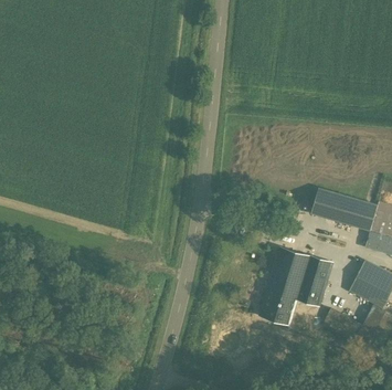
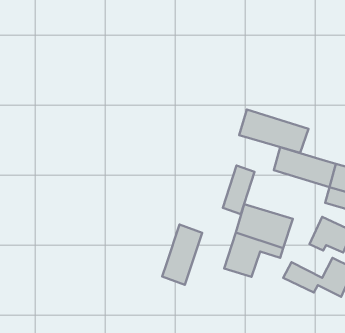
building: none -> [239,110,308,153]
building: none -> [223,165,255,214]
building: none -> [162,225,202,285]

